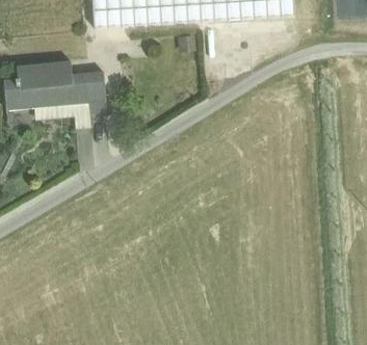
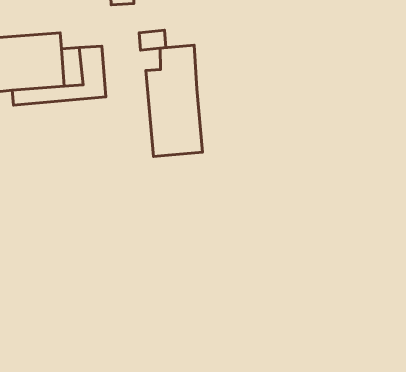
building: none -> [146,45,202,156]

